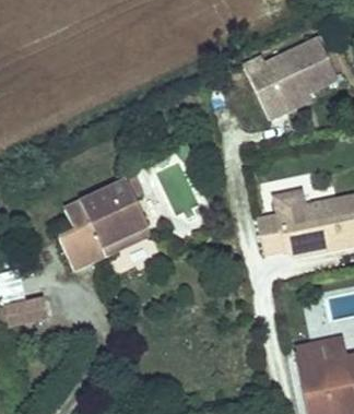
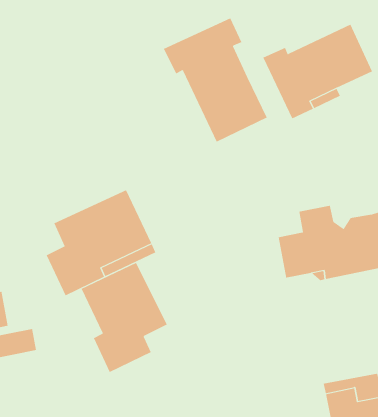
building: none -> [163,18,267,142]
building: none -> [81,262,167,373]

